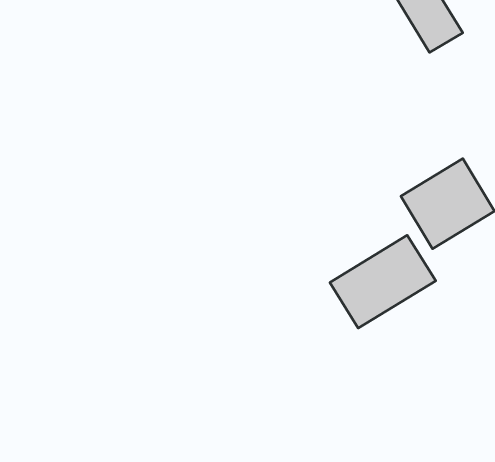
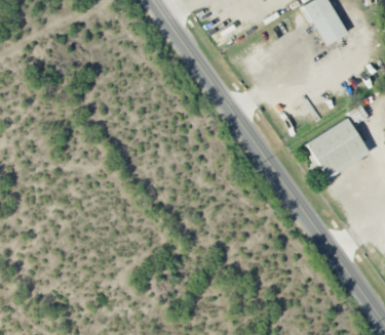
building: [330,235,436,328] -> none

